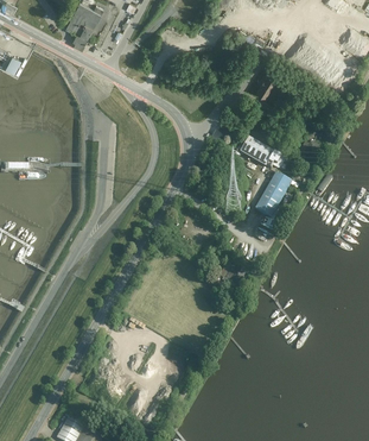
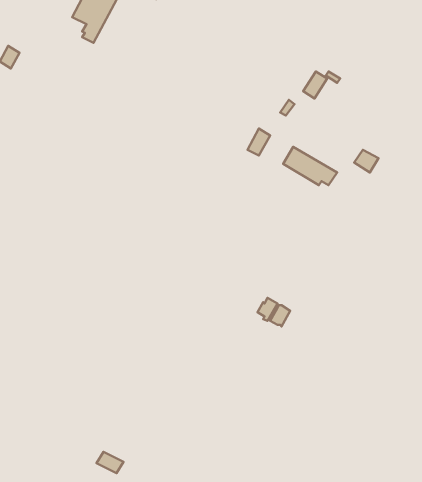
building: [255,171,292,215] -> none

